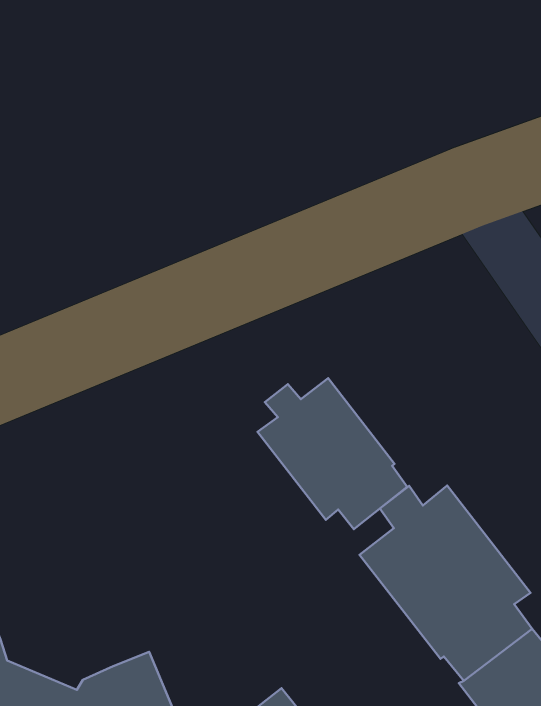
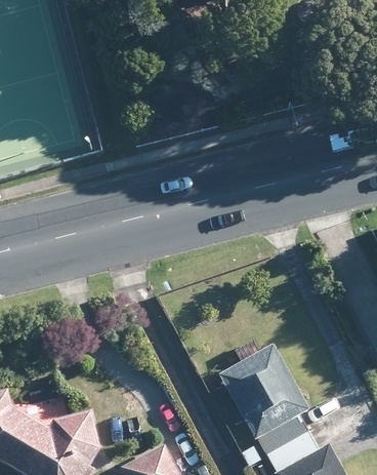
building: [258,378,407,529] -> none

